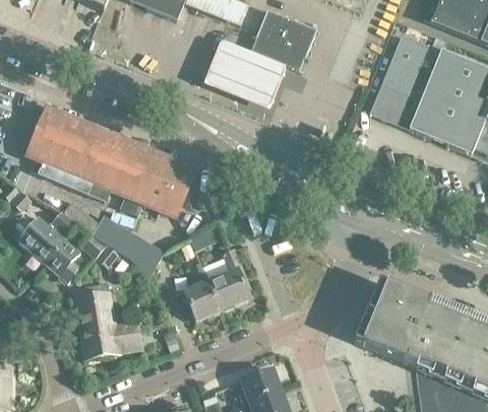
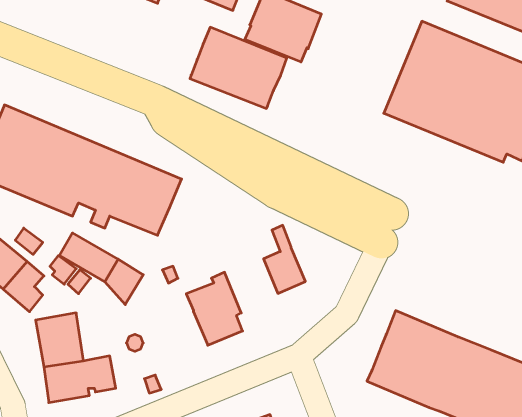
building: [184,263,220,321] -> [264,225,305,293]

